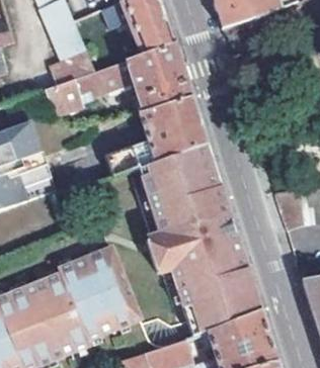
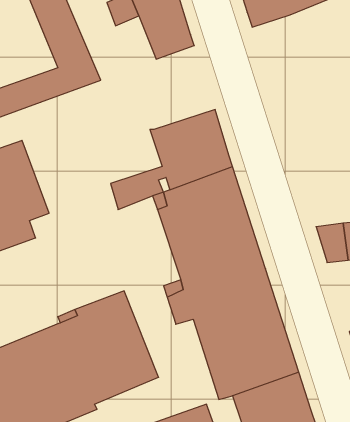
building: [47,43,190,114] -> none

